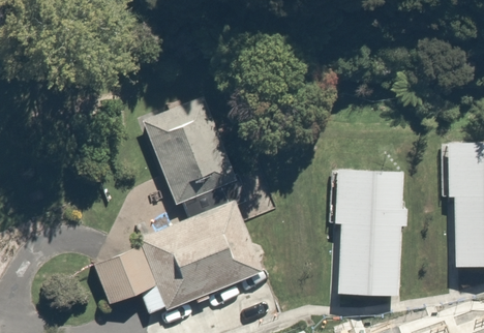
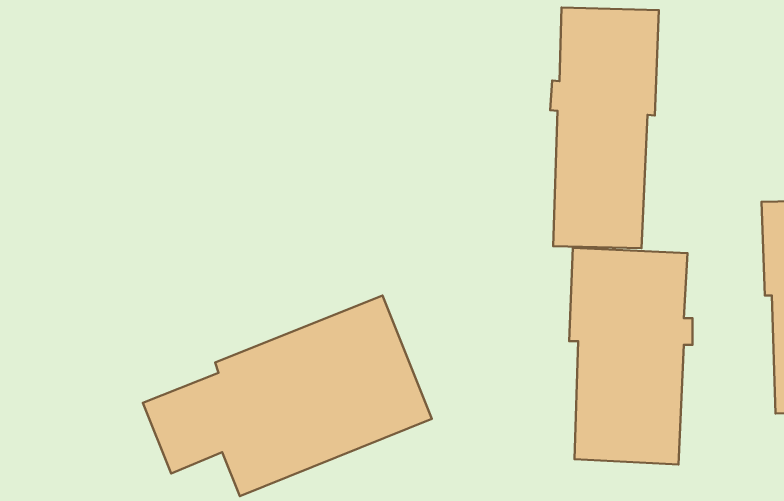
building: none -> [550,7,659,248]
building: [138,96,242,216] -> none

